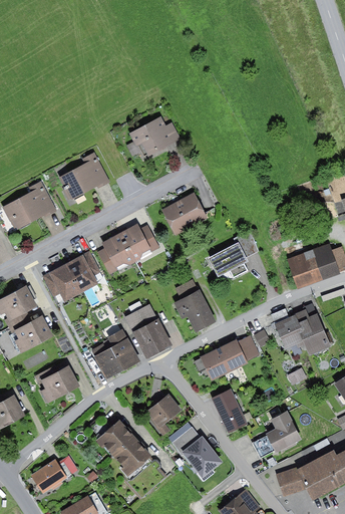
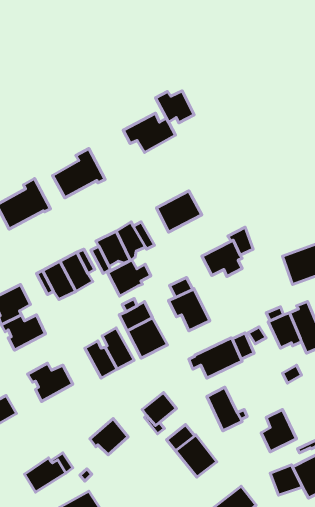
building: none -> [156,91,194,123]
building: none -> [107,260,151,296]
building: [113,438,151,478] -> none

